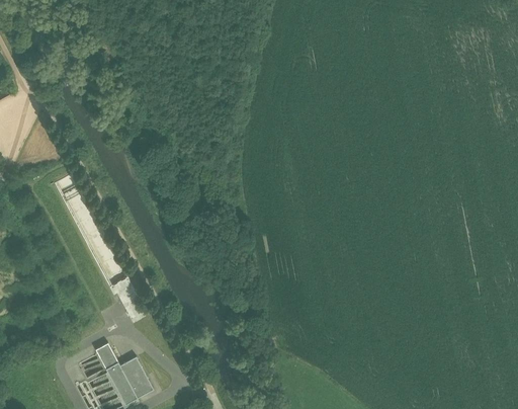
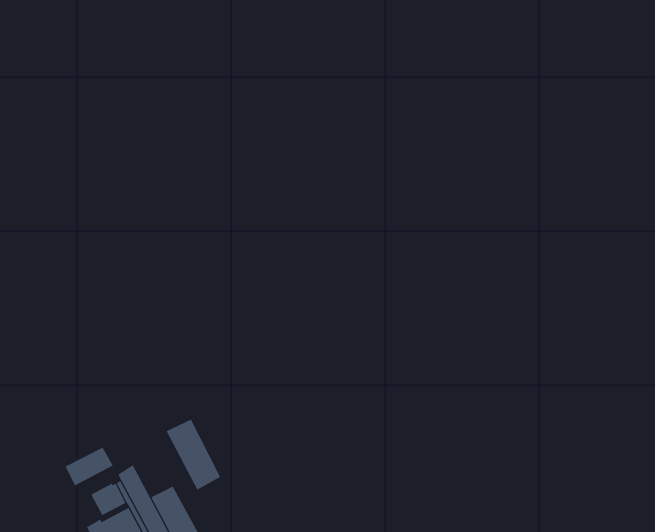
building: none -> [166,419,221,490]
building: none -> [65,447,114,486]

